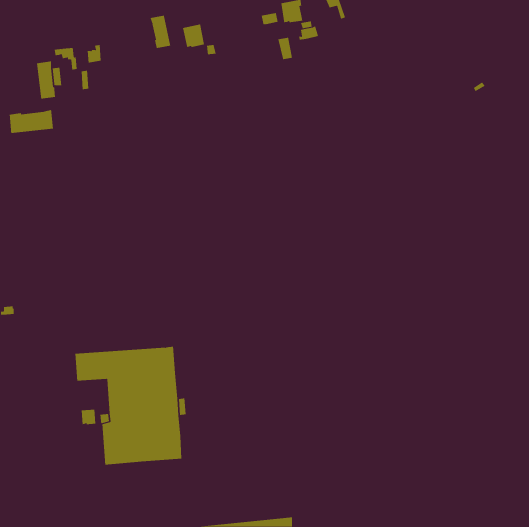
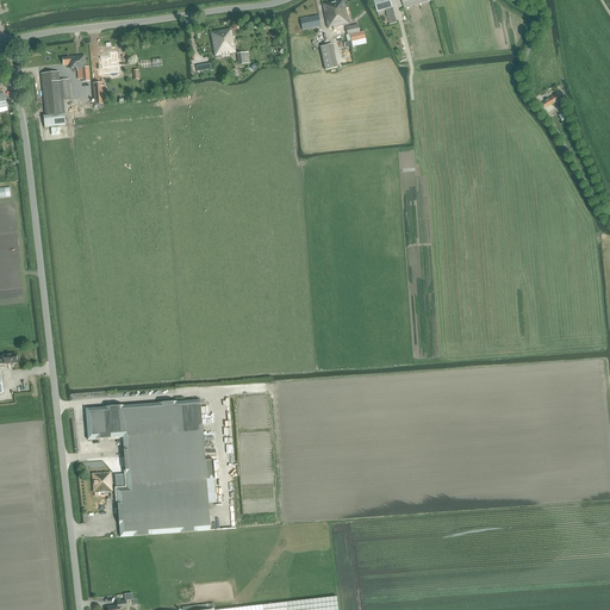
building: [150,15,171,49] -> none
building: [9,109,53,134] -> none

